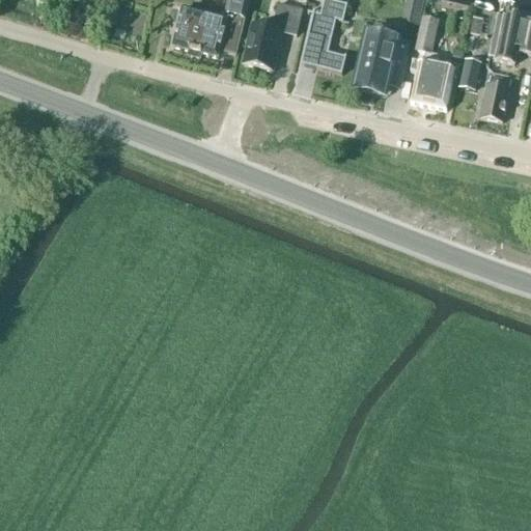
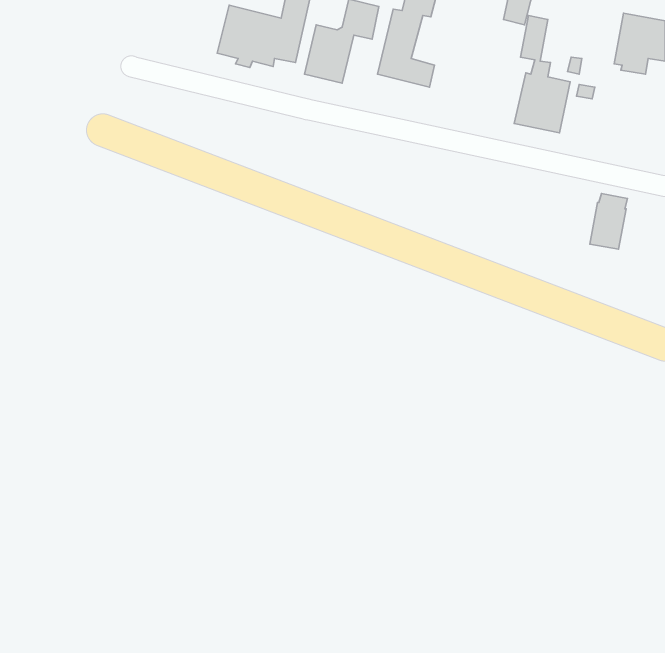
building: [355,30,407,89] -> none
building: [480,73,510,117] -> [590,193,628,249]

